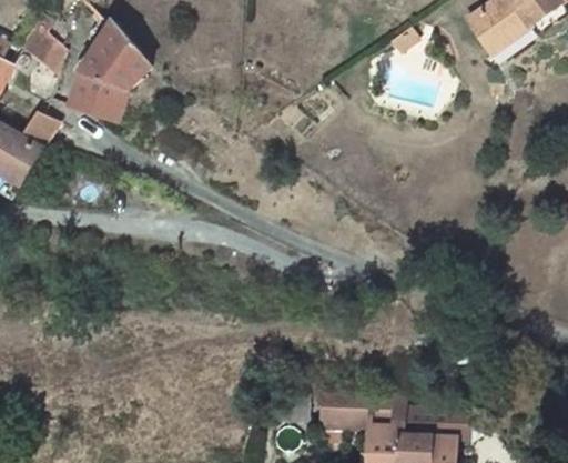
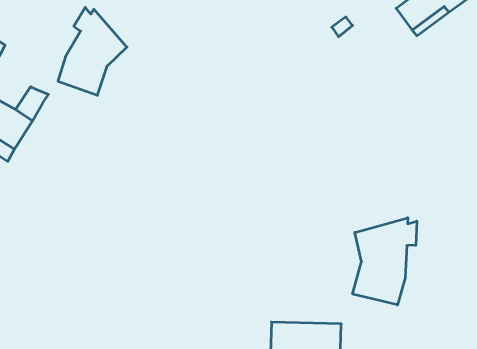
building: [17,23,67,76] -> none
building: none -> [353,218,417,305]

